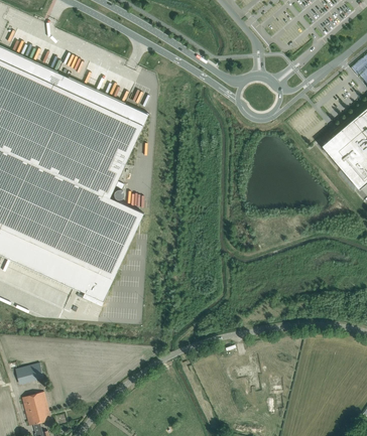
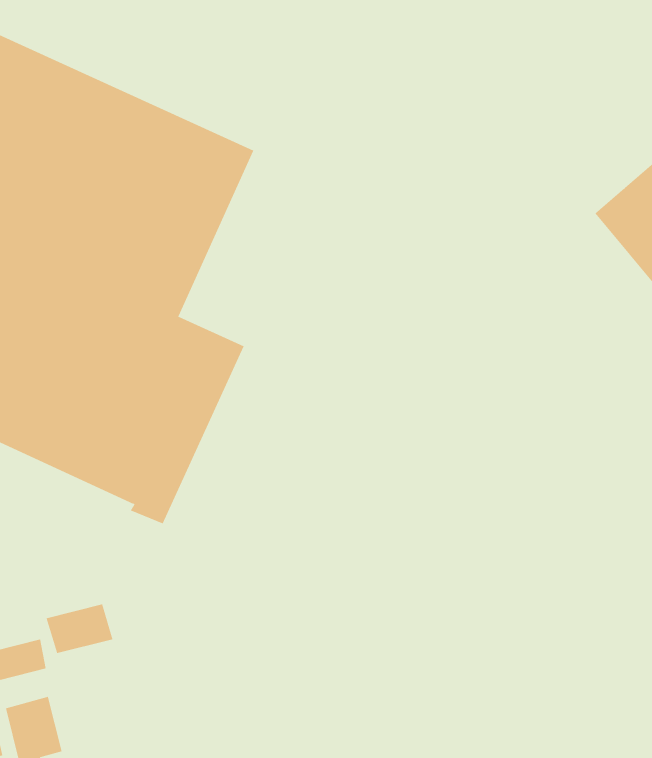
building: none -> [46,604,113,654]

